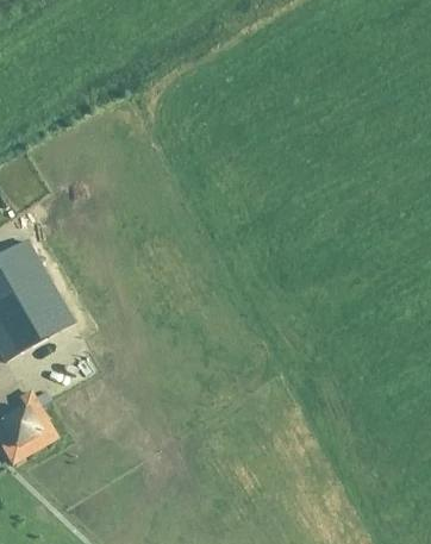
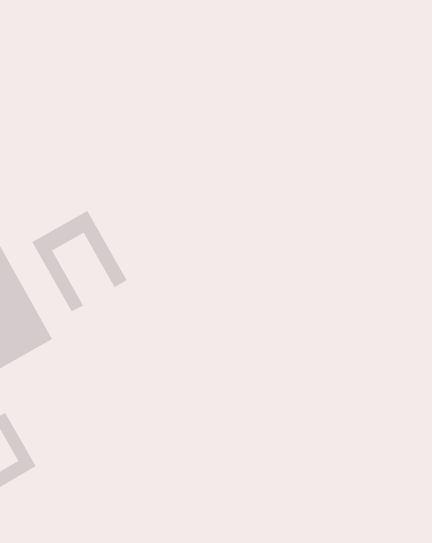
building: none -> [31,210,127,312]

